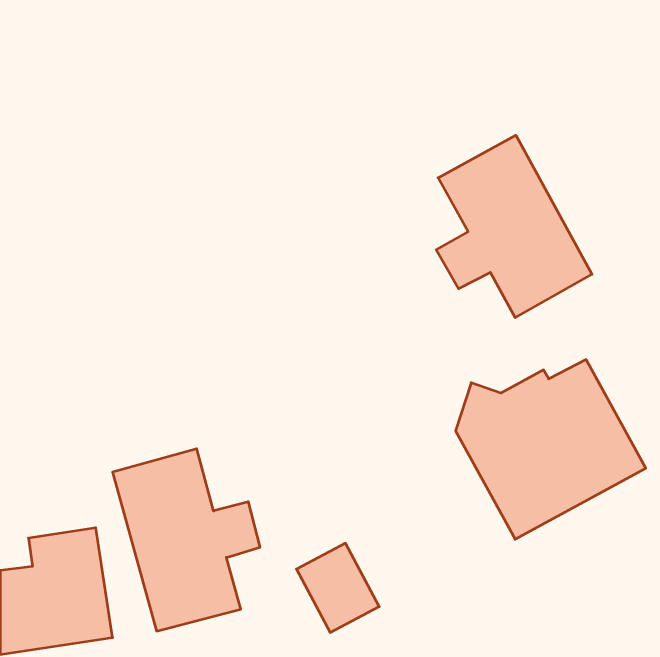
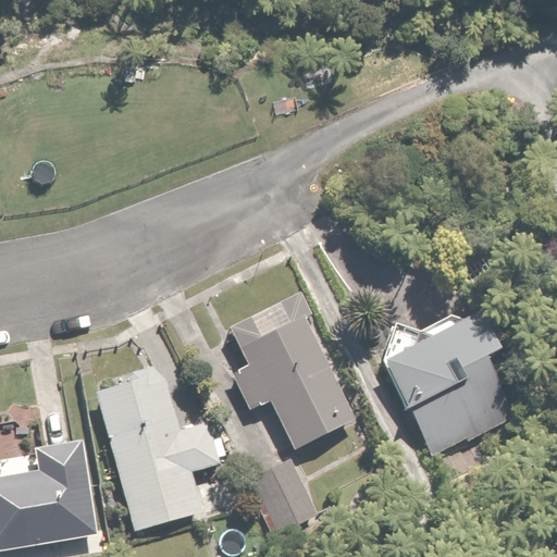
building: [436,135,592,318] -> none
building: none -> [230,292,354,448]

